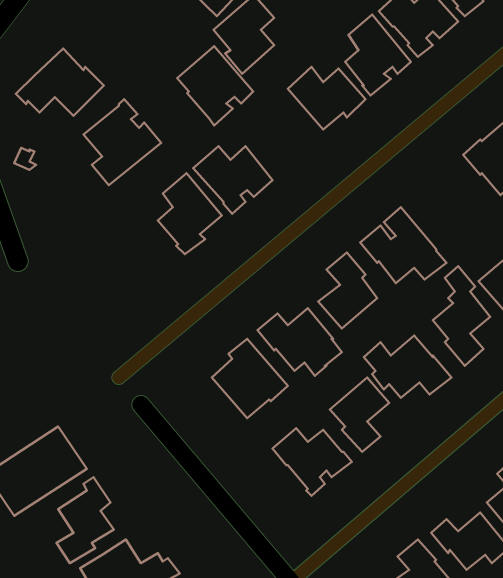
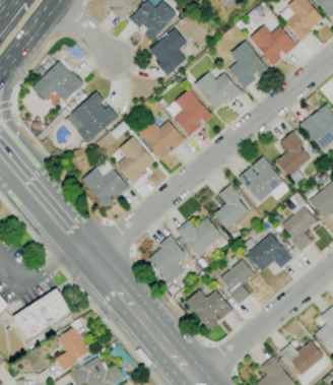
building: [177,46,253,125] -> [166,89,212,137]
building: none -> [275,132,310,185]
building: none -> [81,159,129,207]

